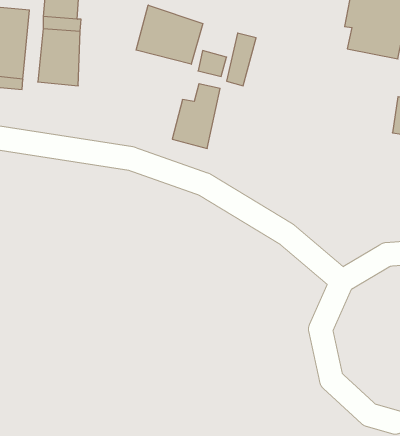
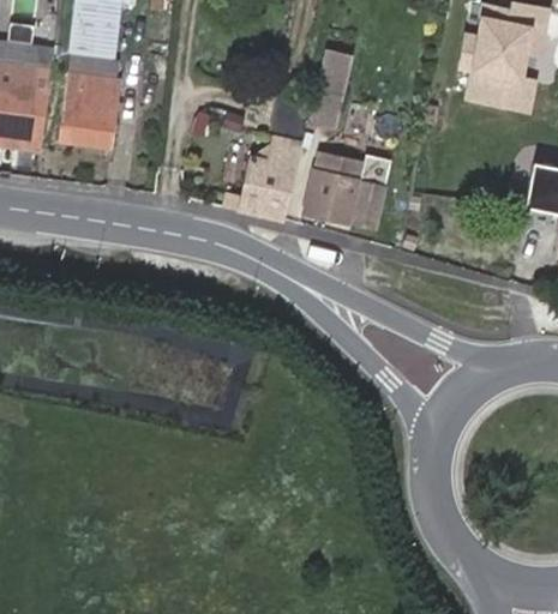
building: [136,5,203,64] -> none
building: none -> [306,155,383,229]

